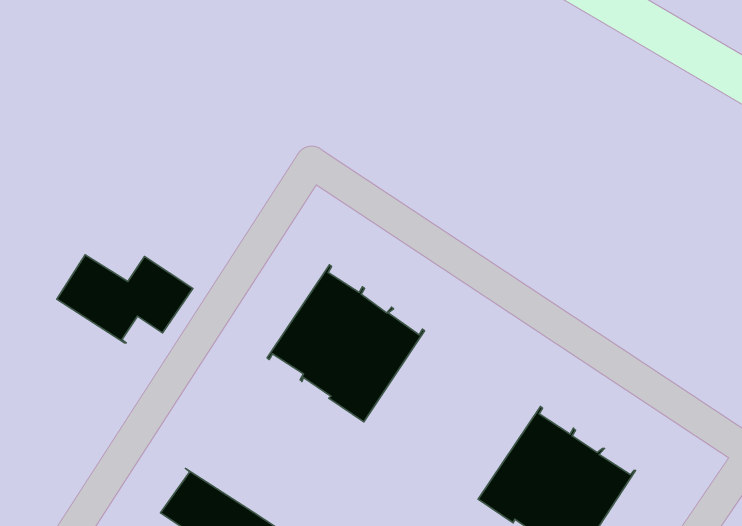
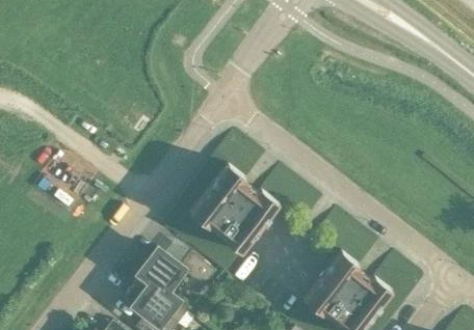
building: [57,255,193,343] -> [138,248,215,299]

